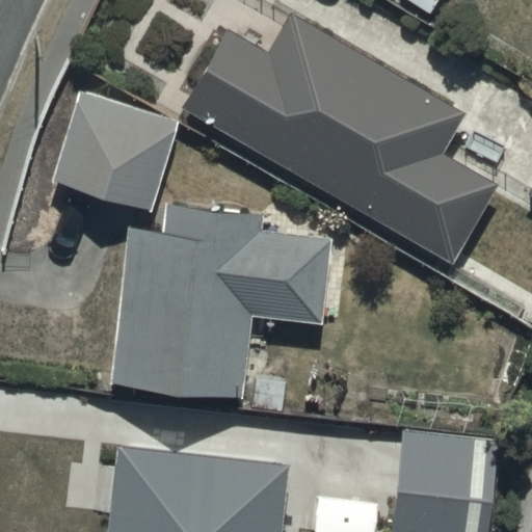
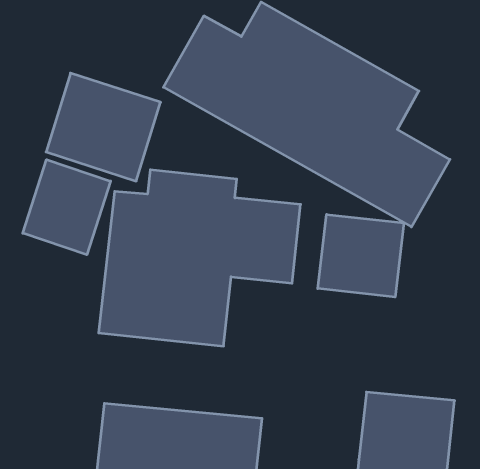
building: none -> [23,160,111,255]
building: none -> [318,214,404,297]

